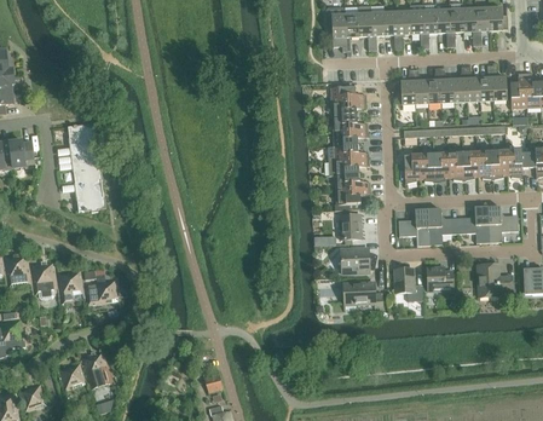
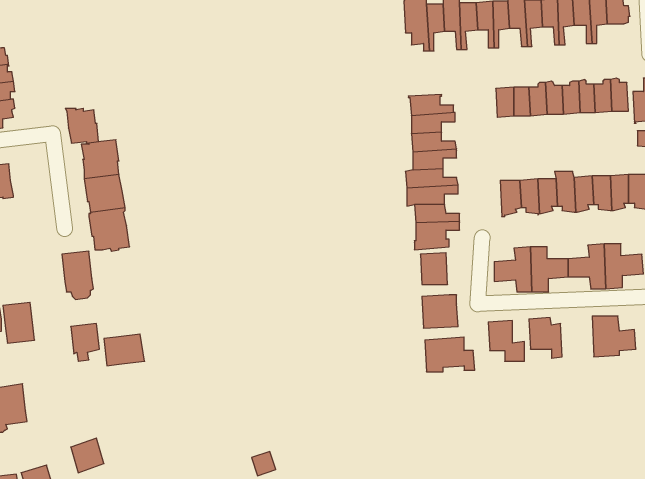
building: [8,138,35,166] -> [65,108,99,143]
building: [31,259,57,298] -> [62,251,93,299]
building: [81,350,109,381] -> none

